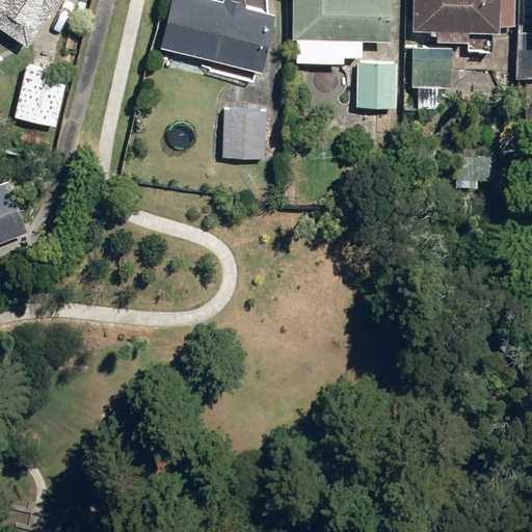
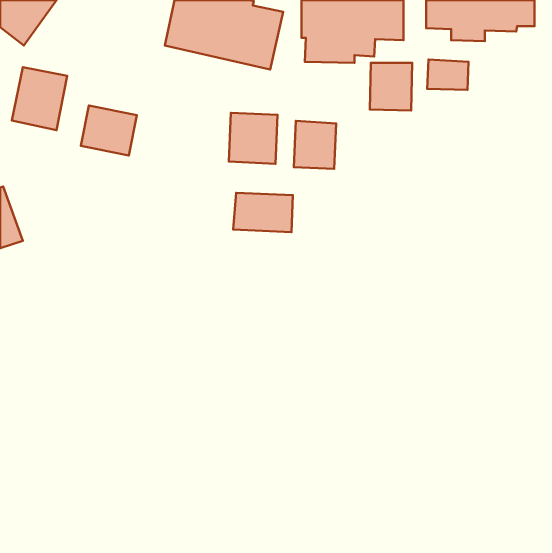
building: none -> [81,106,137,155]
building: none -> [294,121,336,169]
building: none -> [233,193,293,232]

